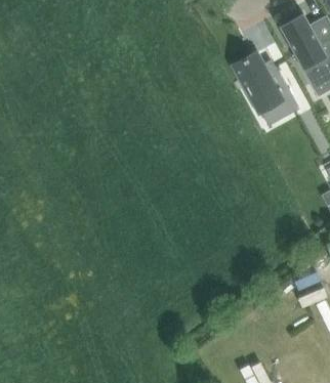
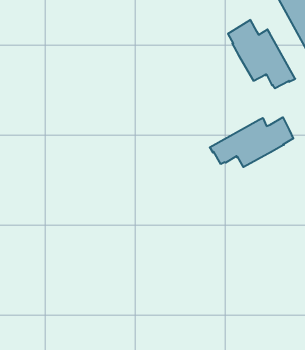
building: none -> [210,117,293,167]

